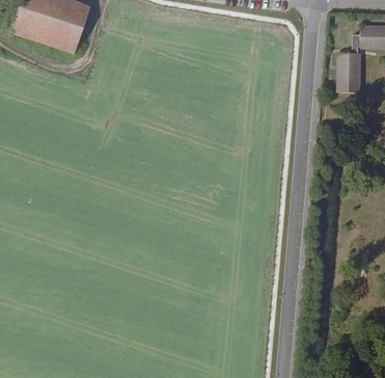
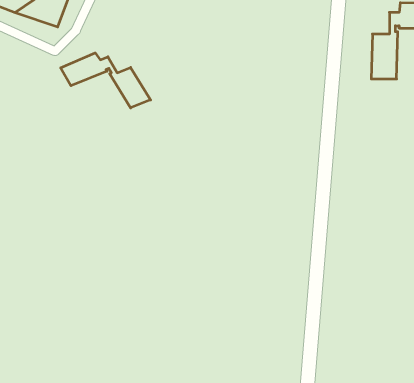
building: none -> [61,53,151,108]

